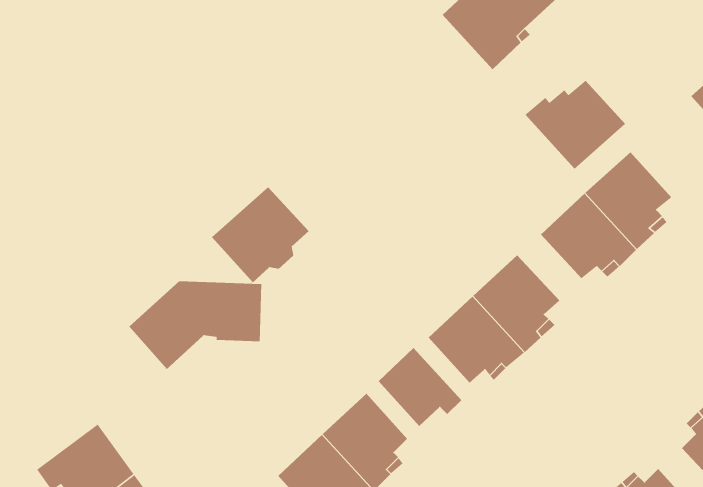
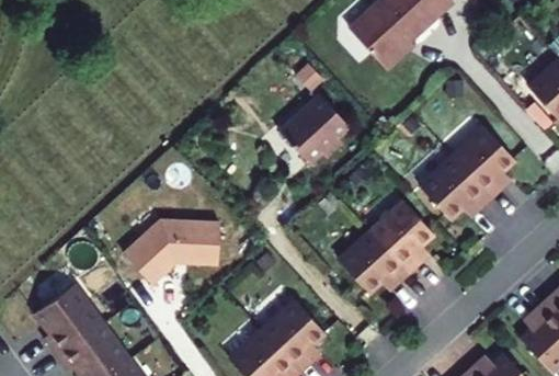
building: [525,80,626,170] -> none
building: [211,187,310,283] -> [278,94,349,163]
building: [378,347,462,427] -> none
building: none -> [39,285,104,354]

